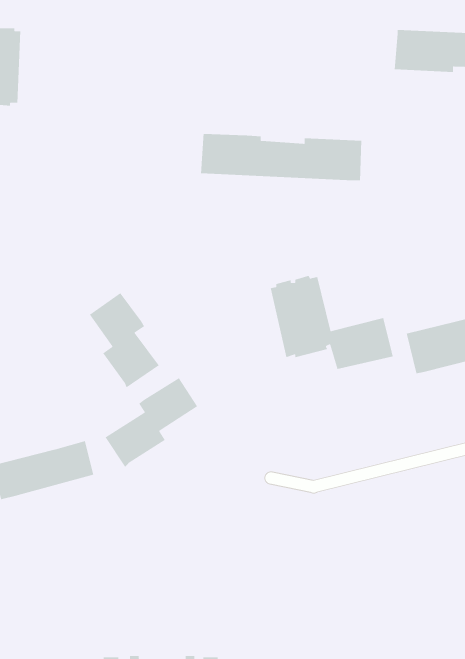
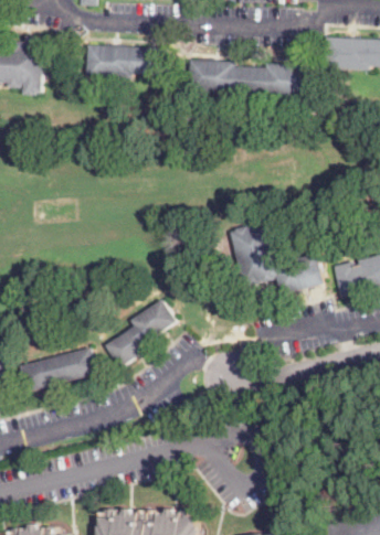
building: none -> [86,44,167,78]
building: [200,133,362,181] -> [187,60,309,96]
building: [89,292,160,389] -> none

